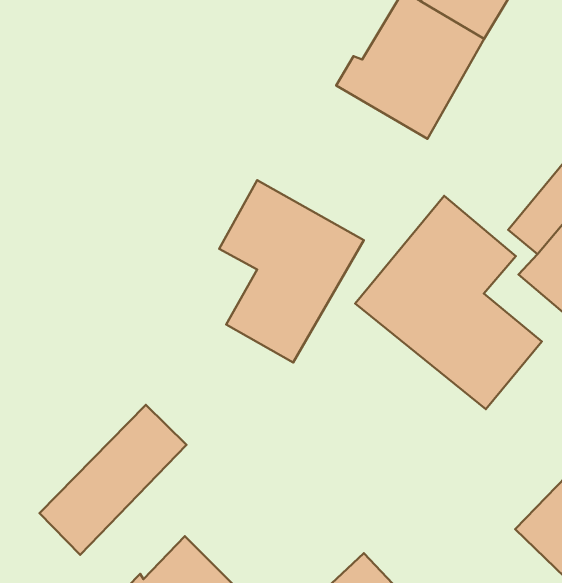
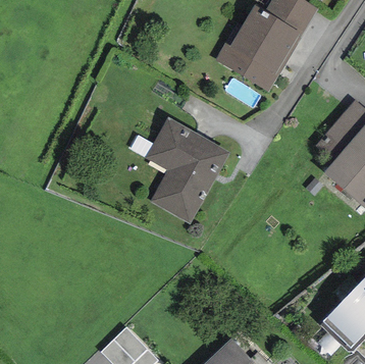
building: [355,196,542,409] -> none
building: [40,405,187,555] -> none

